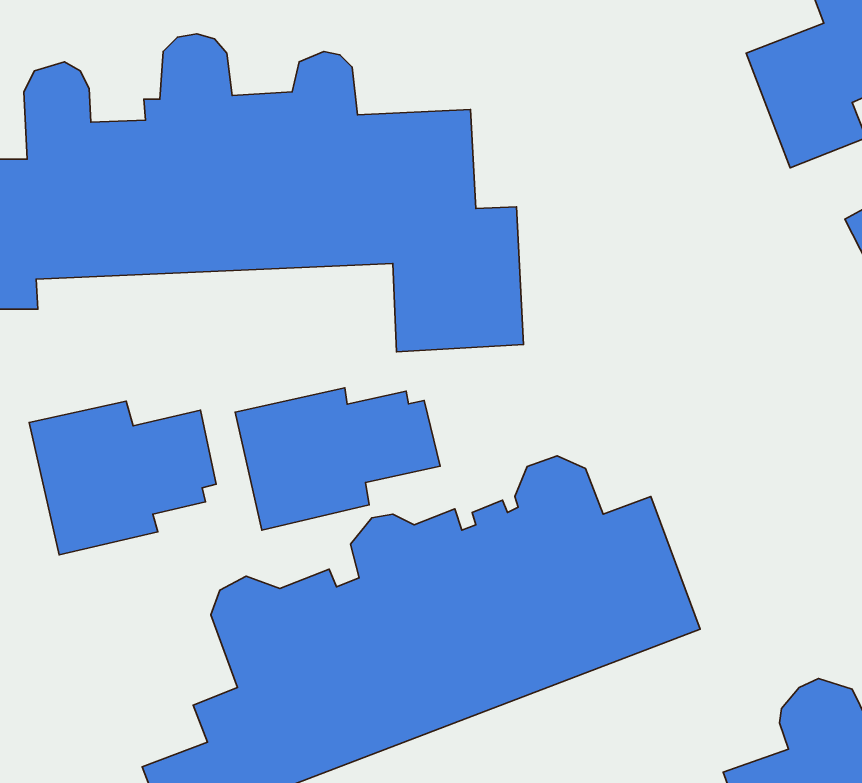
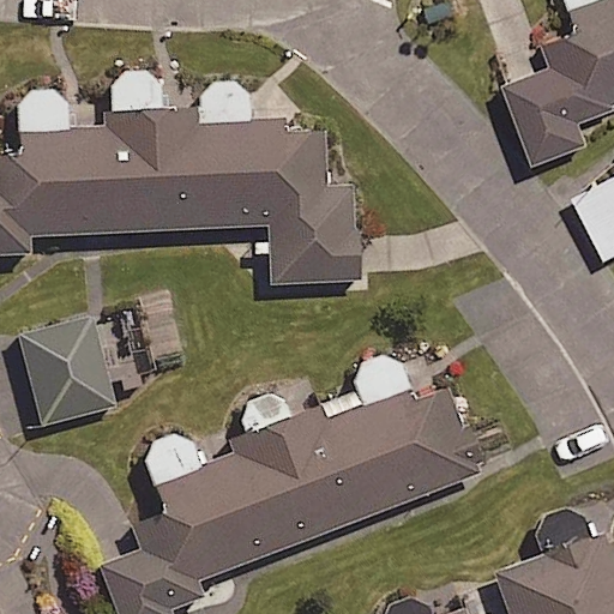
building: [235,388,440,530] -> none

